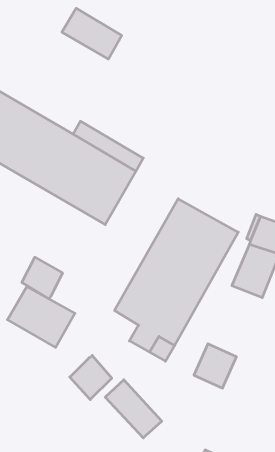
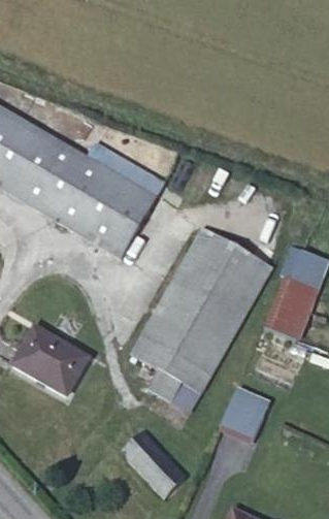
building: [62,8,122,59] -> none
building: [22,257,62,299] -> none
building: [70,355,112,400] -> none

